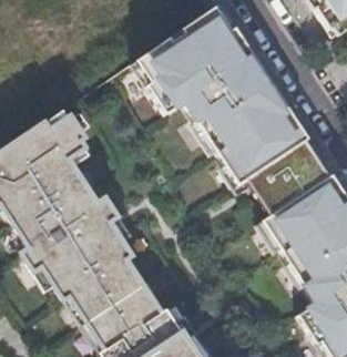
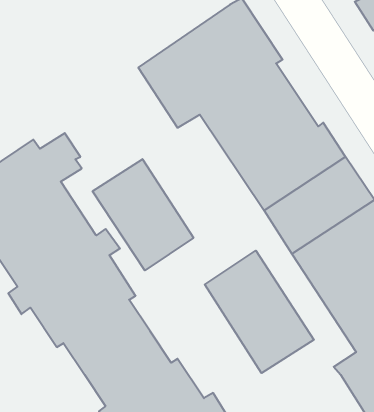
building: none -> [93,159,193,270]
building: none -> [205,251,314,373]

